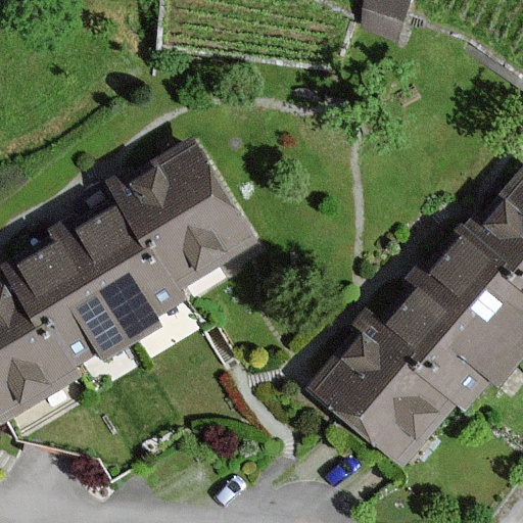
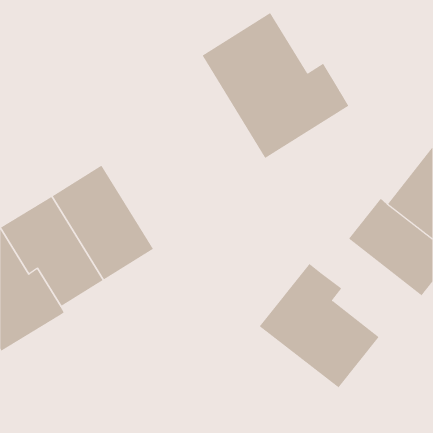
building: none -> [202,12,349,159]
building: [114,137,259,290] -> none
building: [386,288,508,413] -> none

